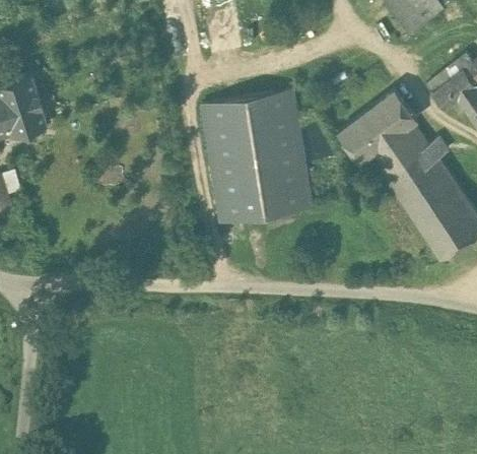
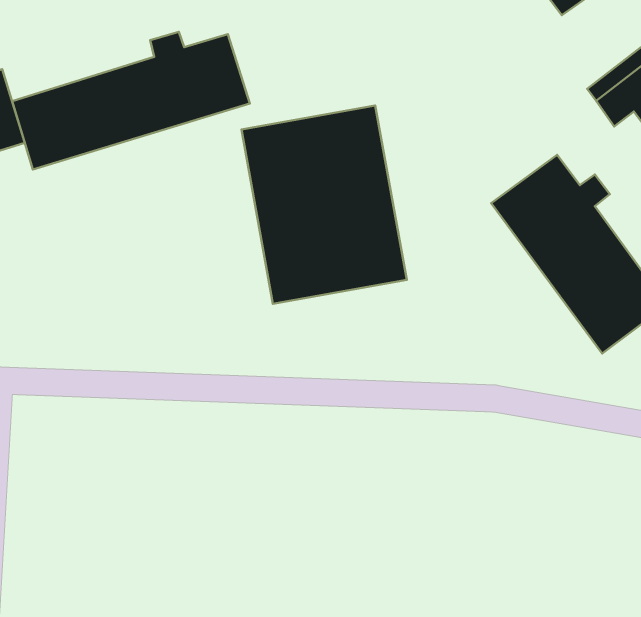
building: none -> [12,32,250,170]
building: [335,91,418,167] -> none

